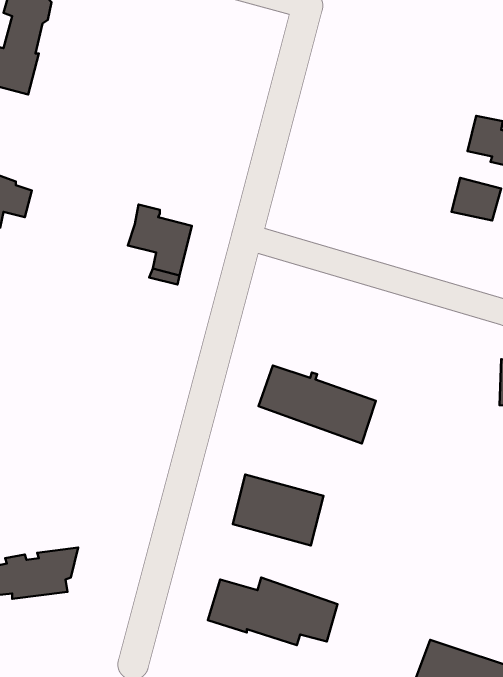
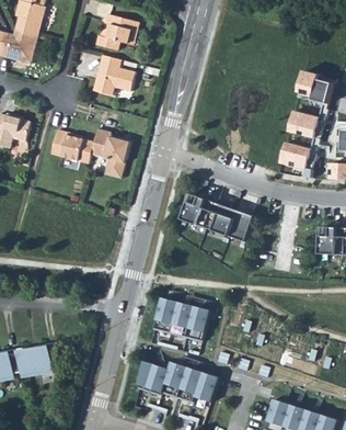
building: none -> [95,16,138,53]
building: none -> [93,58,136,98]
building: none -> [50,129,93,163]
building: none -> [280,146,311,172]
building: [259,365,376,444] -> [181,193,253,241]

